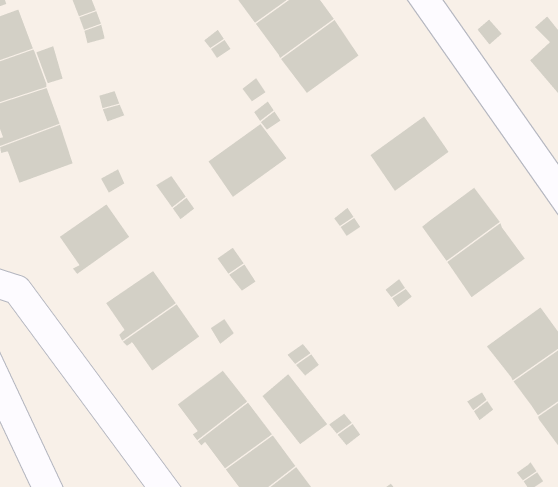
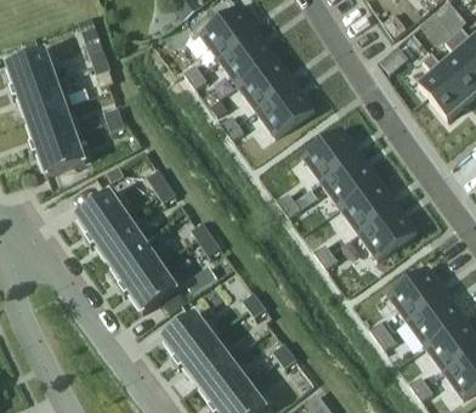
building: [208,123,287,198] -> [256,81,314,136]
building: none -> [321,152,379,206]
building: none -> [89,214,144,262]
building: [261,373,328,445] -> none

